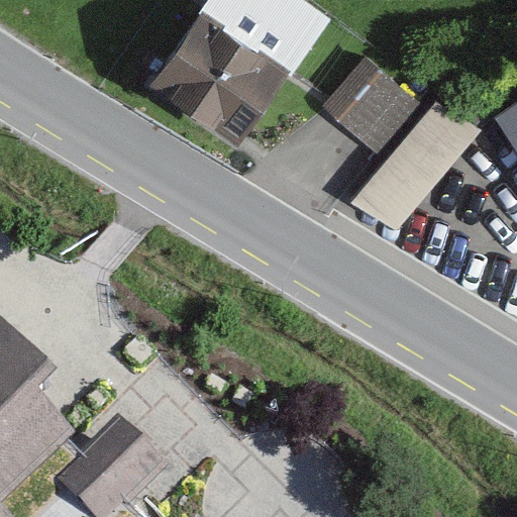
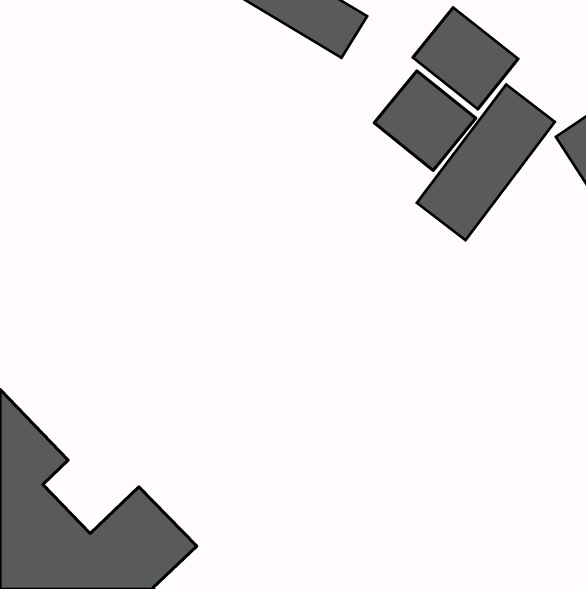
building: none -> [413,7,518,109]
building: [144,7,283,140] -> none

